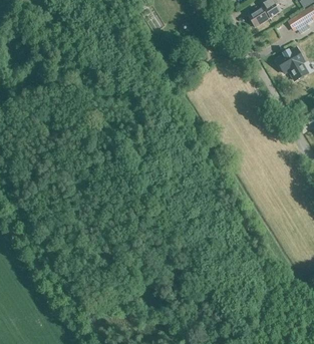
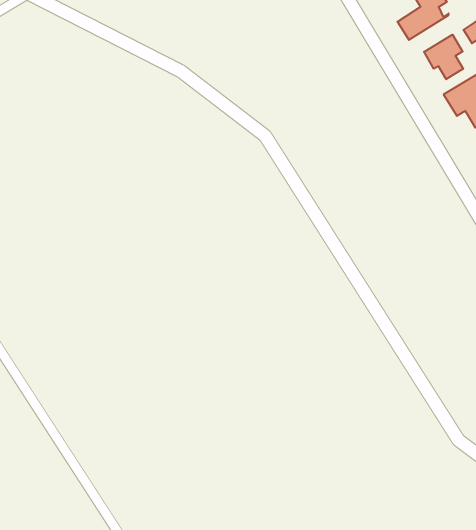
building: none -> [424,35,463,79]

